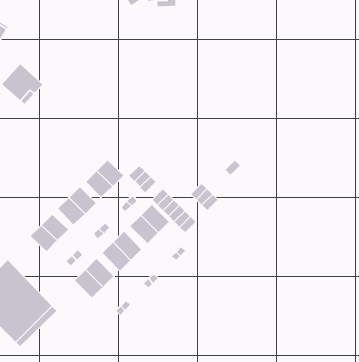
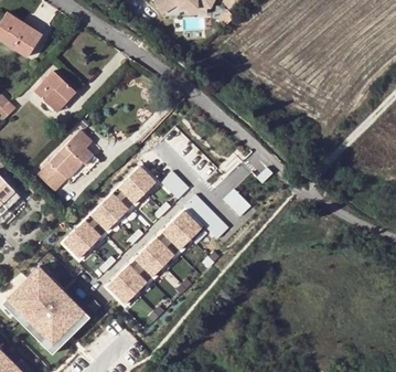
building: none -> [39,130,94,191]

